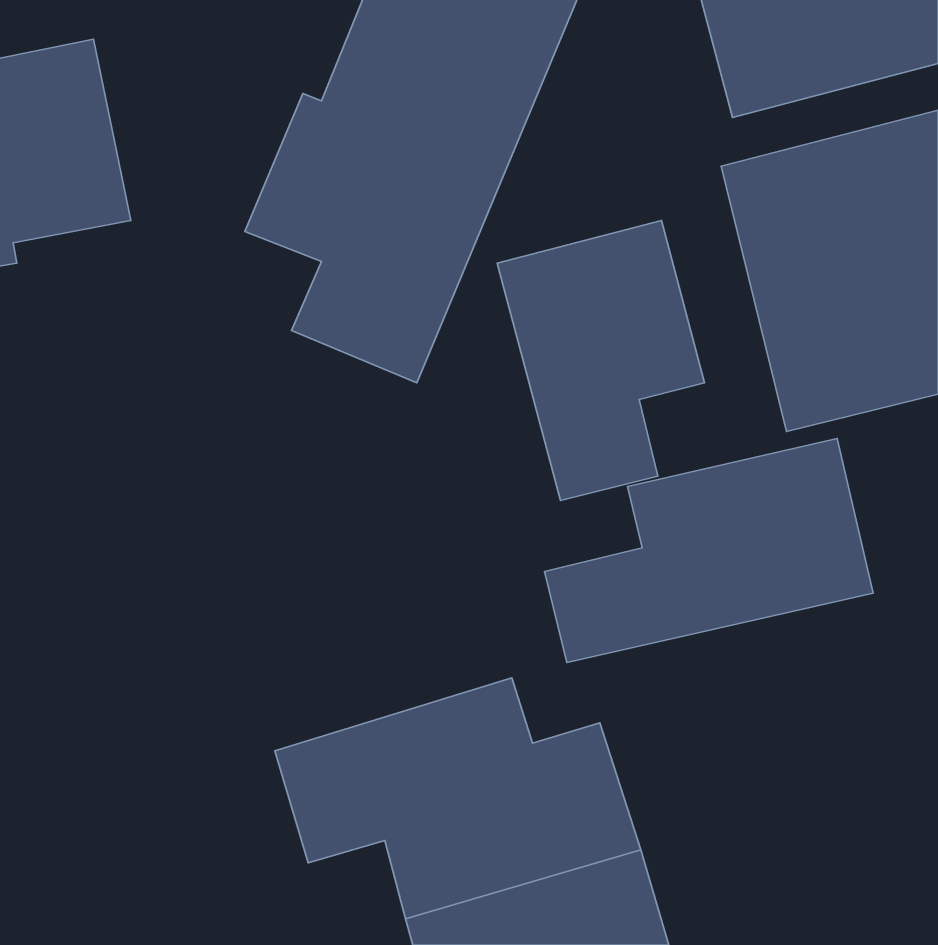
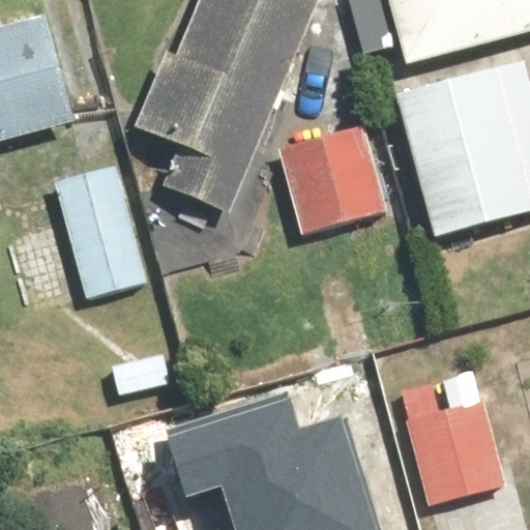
building: none -> [53,165,147,300]
building: [544,438,873,662] -> none
building: none -> [396,382,509,511]

